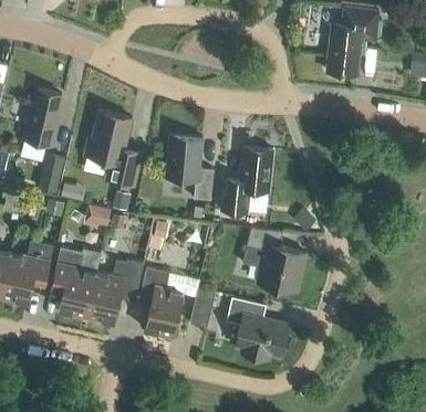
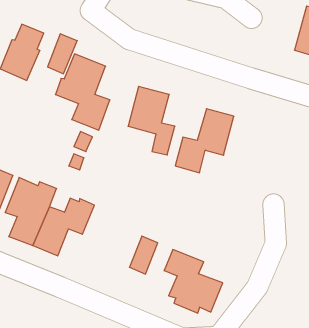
building: [39,152,65,193] -> [48,34,77,74]
building: [243,228,306,292] -> none
building: [141,267,184,336] -> none

